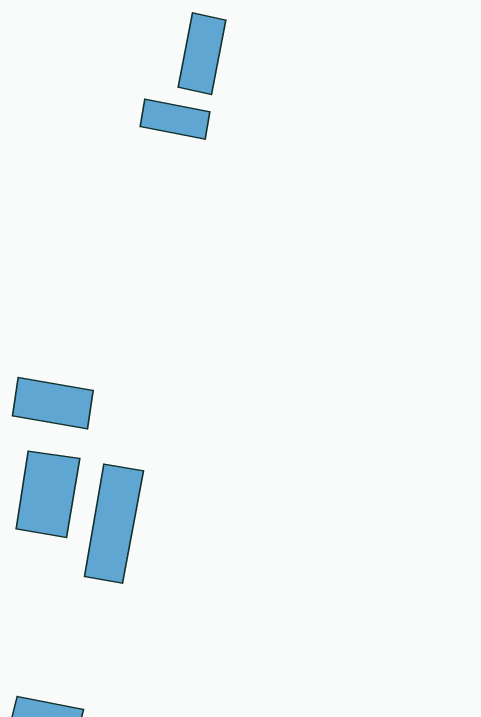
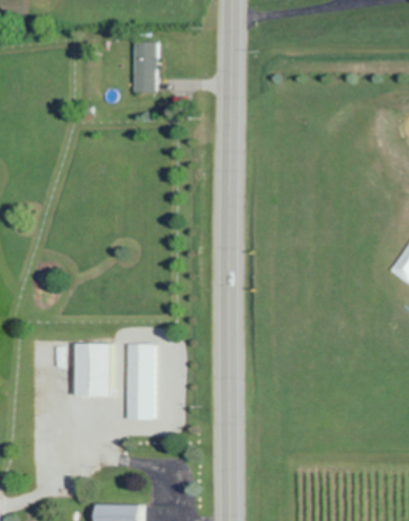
building: [140,99,210,139] -> none
building: [13,378,93,429] -> none

